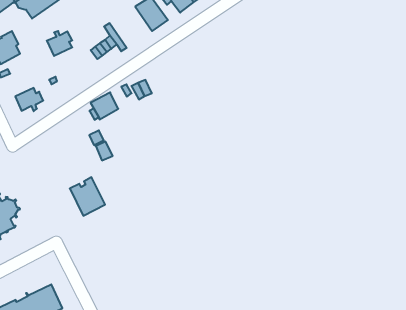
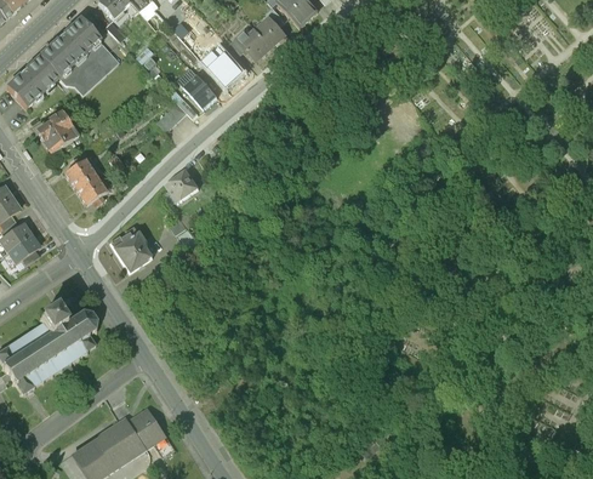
building: none -> [184,74,217,108]
building: [47,31,72,56] -> [63,158,95,189]
building: [70,177,105,216] -> [107,226,152,273]

